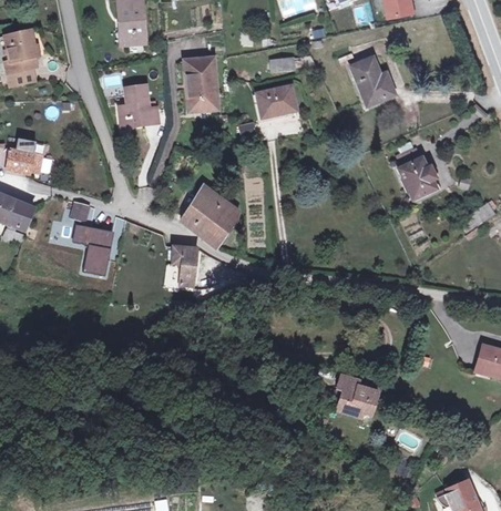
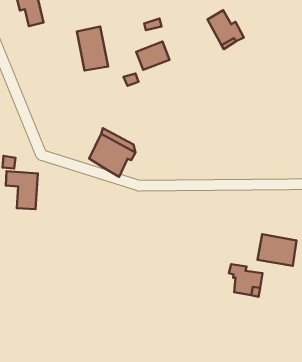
building: [119,84,159,125] -> none
building: [398,156,436,198] -> none
building: [171,245,197,286] -> none
building: none -> [257,234,297,266]

